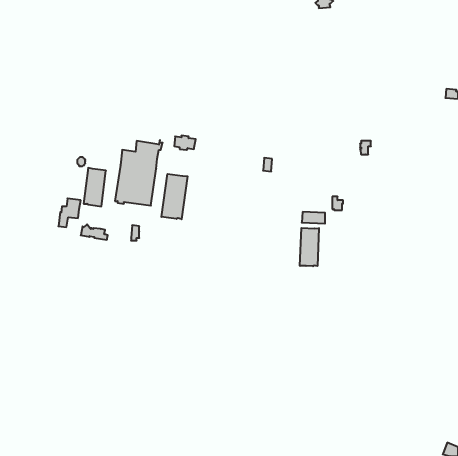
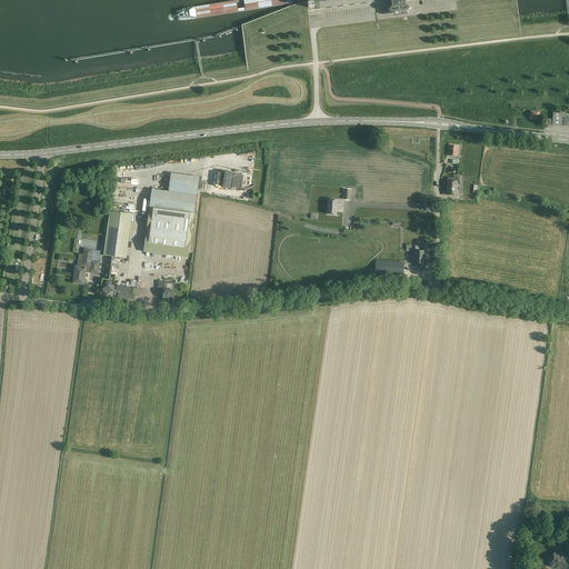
building: [161,174,188,219] -> none
building: [300,228,319,266] -> none

